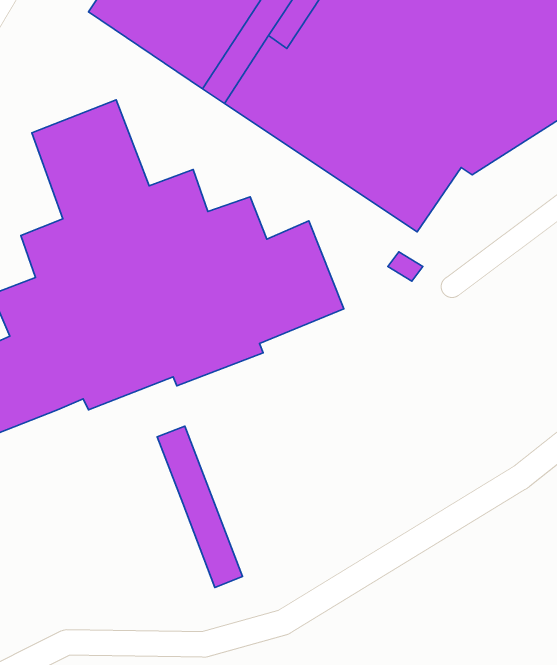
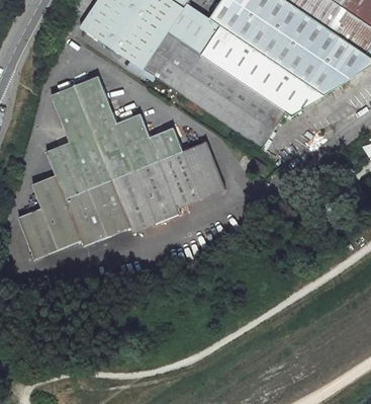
building: [157,426,243,588] -> none

